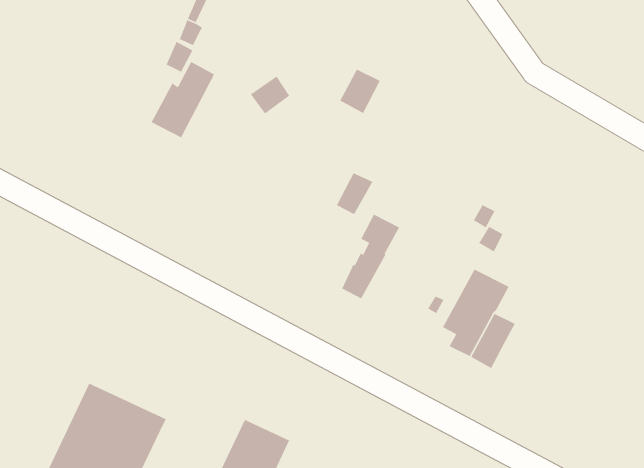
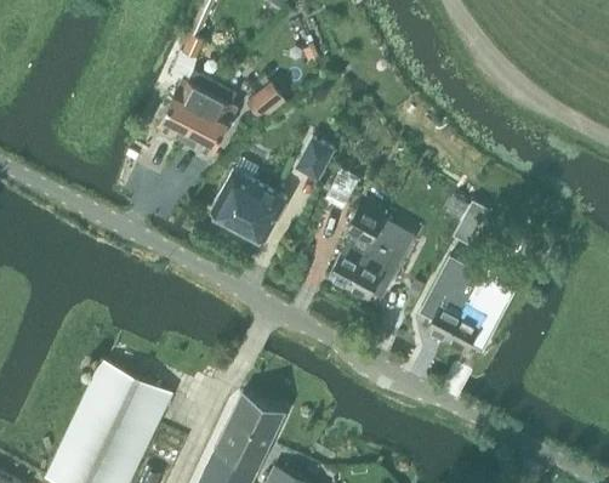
building: [339,69,381,114] -> [296,140,334,181]
building: none -> [184,83,239,154]
building: none -> [210,171,286,242]
building: none -> [347,221,412,297]

